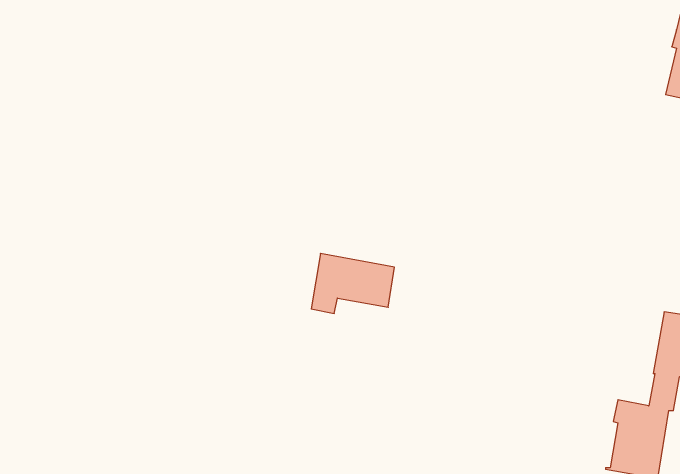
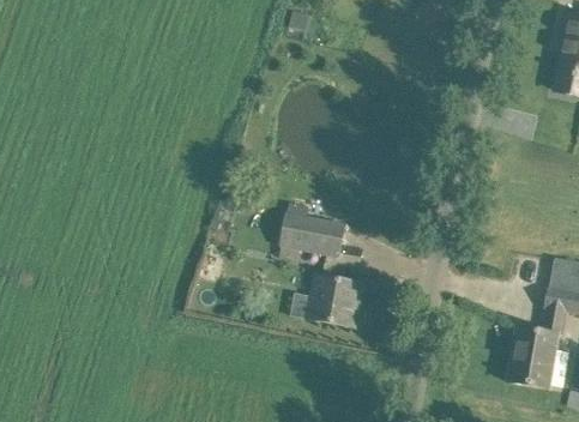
building: none -> [310,275,358,326]

